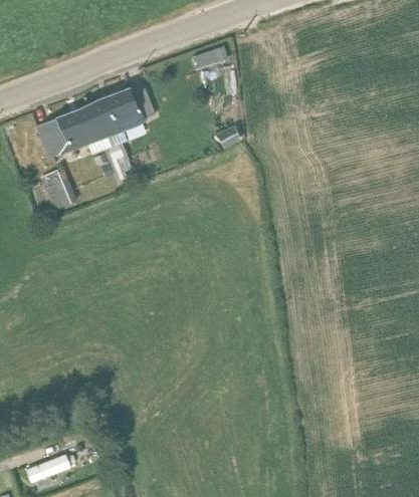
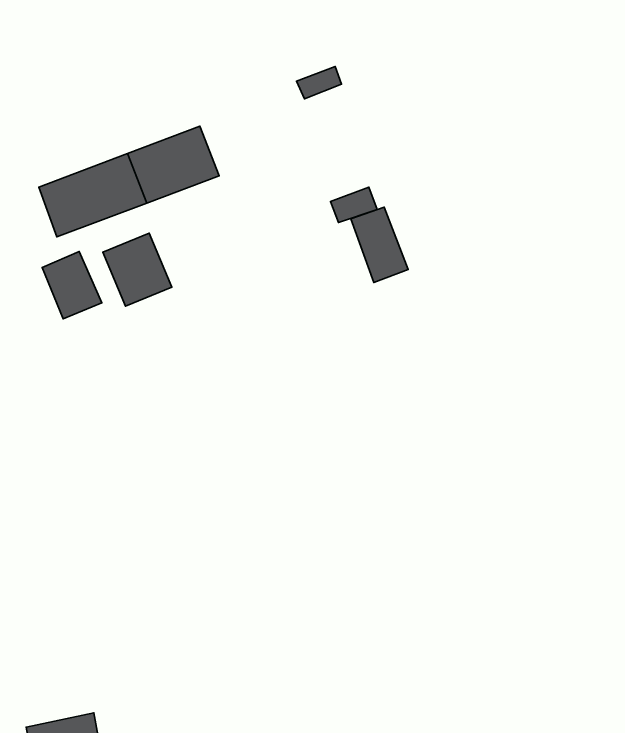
building: none -> [351,207,408,282]
building: none -> [103,233,172,306]

